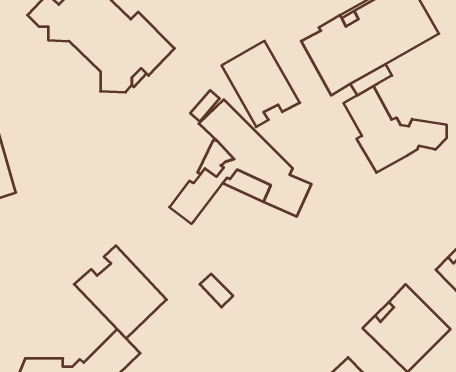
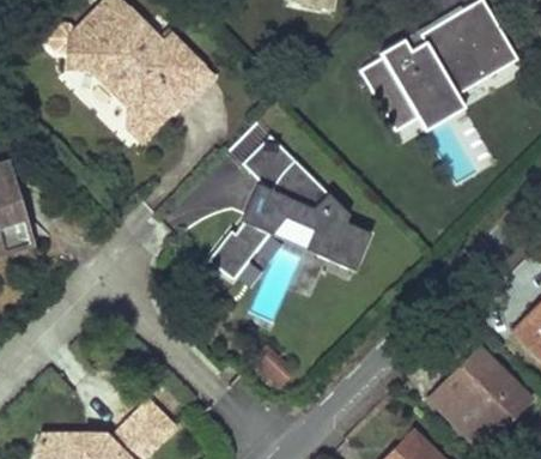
building: [222,41,300,127] -> none
building: [344,86,447,173] -> none
building: [74,246,167,338] -> none

